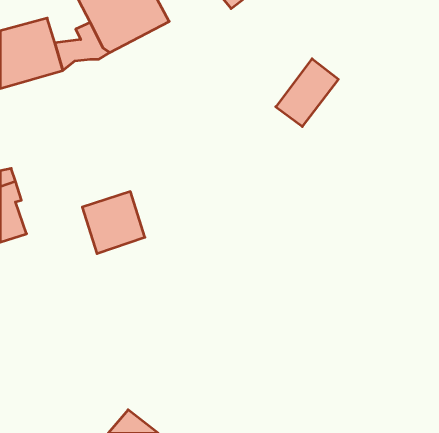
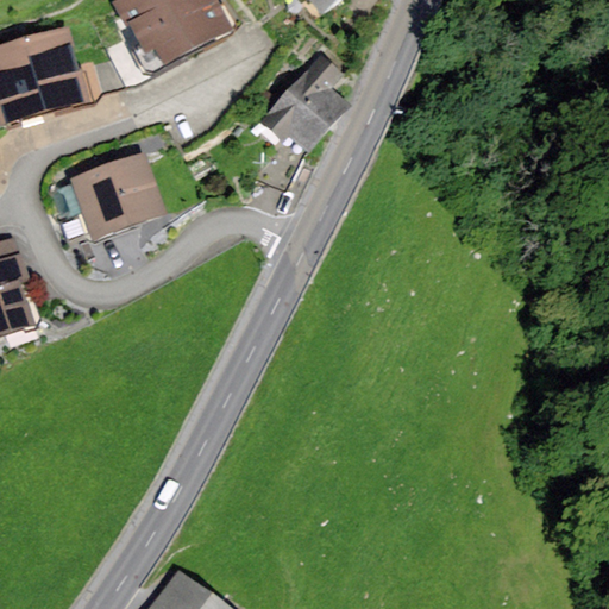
building: [276,59,338,127] -> [262,52,349,146]
building: [82,192,145,254] -> [75,155,162,240]

